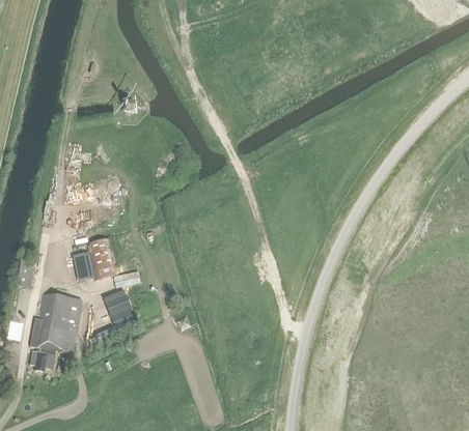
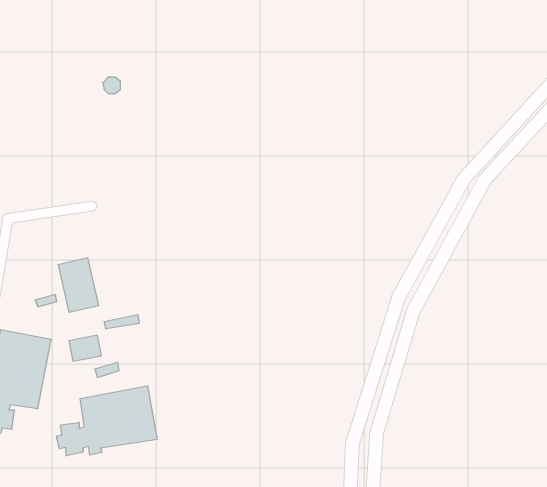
building: none -> [57,386,157,456]

